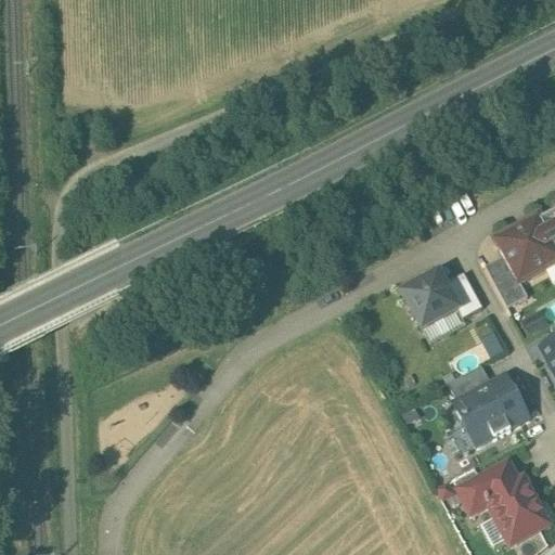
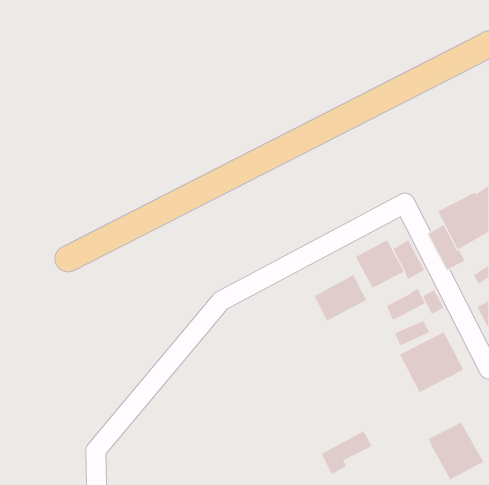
building: none -> [314,274,367,322]
building: none -> [386,288,426,321]
building: [459,463,517,513] -> [321,431,373,475]

